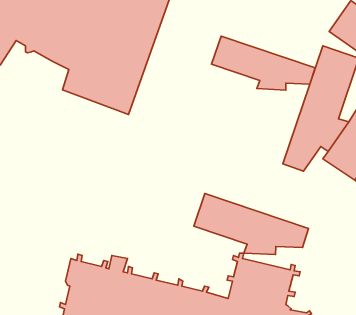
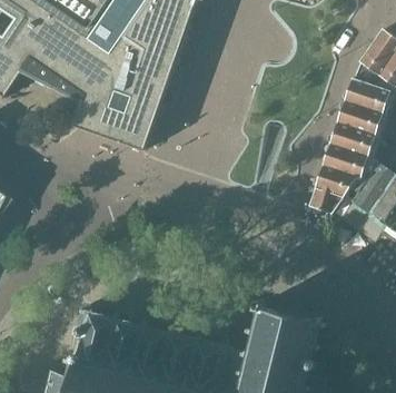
building: [212,36,315,90] -> none
building: [194,194,309,255] -> none

